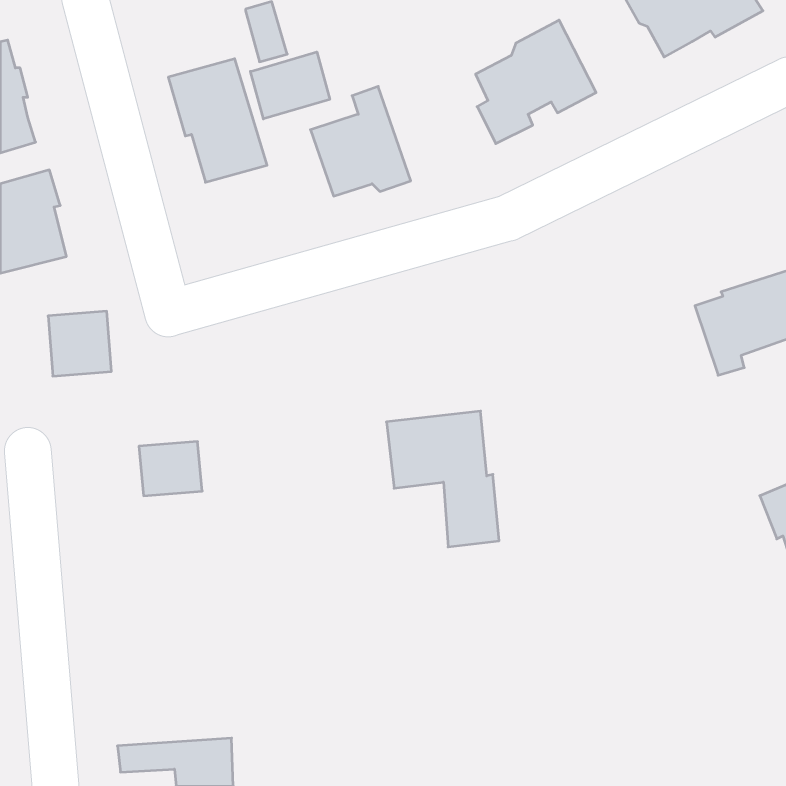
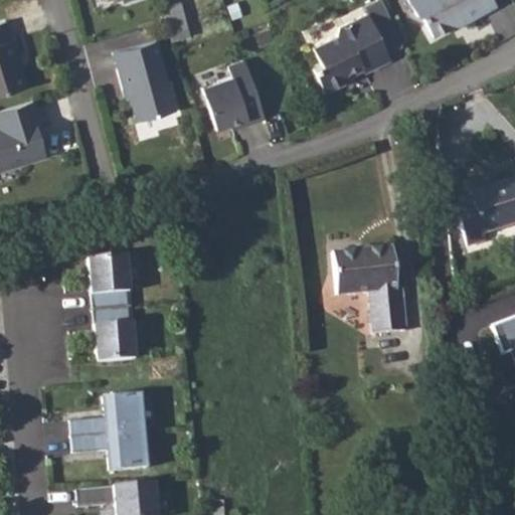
building: [250,52,330,119] -> none
building: [48,311,111,376] -> [90,248,131,291]
building: [386,411,499,547] -> [333,244,406,333]
building: none -> [96,320,137,358]
building: none -> [70,395,149,470]

